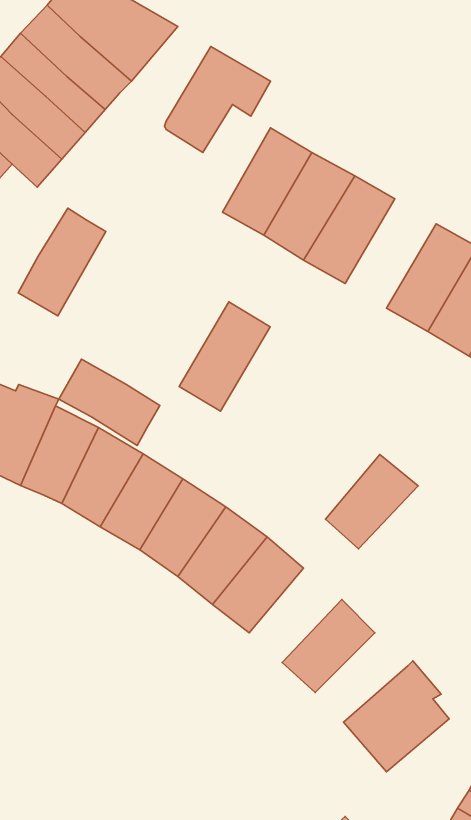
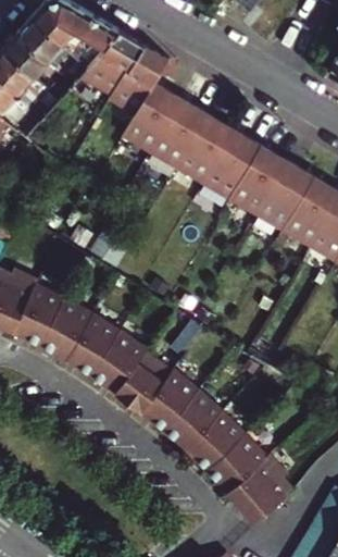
building: none -> [82,33,141,95]
building: [18,208,106,316] -> [123,84,180,154]
building: [179,302,270,411] -> [229,146,289,218]
building: [59,359,160,446] -> none
building: [325,454,418,549] -> [166,388,227,450]
building: none -> [210,431,271,490]

